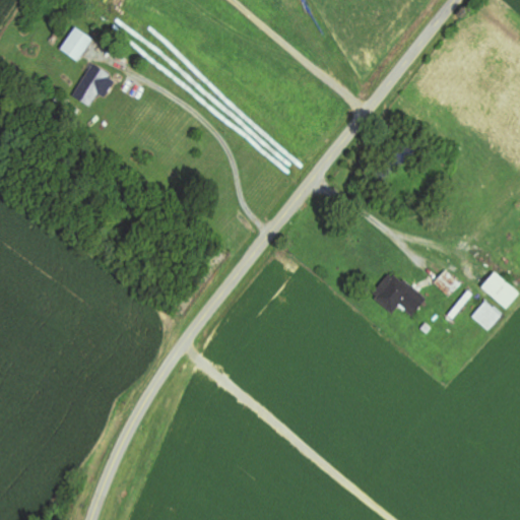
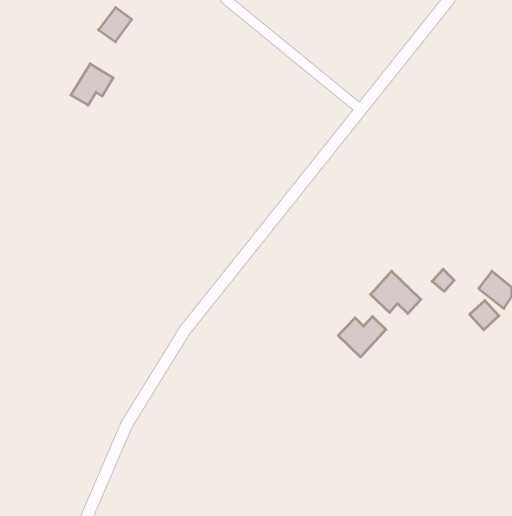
building: [58,26,91,61] -> [98,7,132,42]
building: none -> [338,316,386,357]

